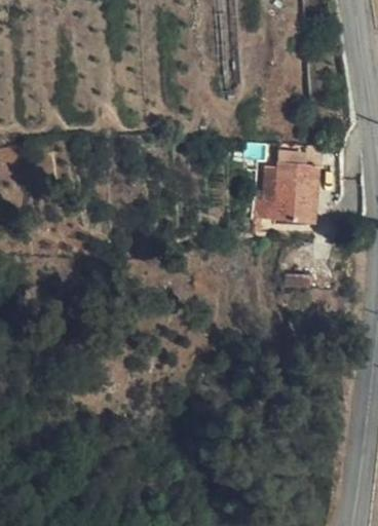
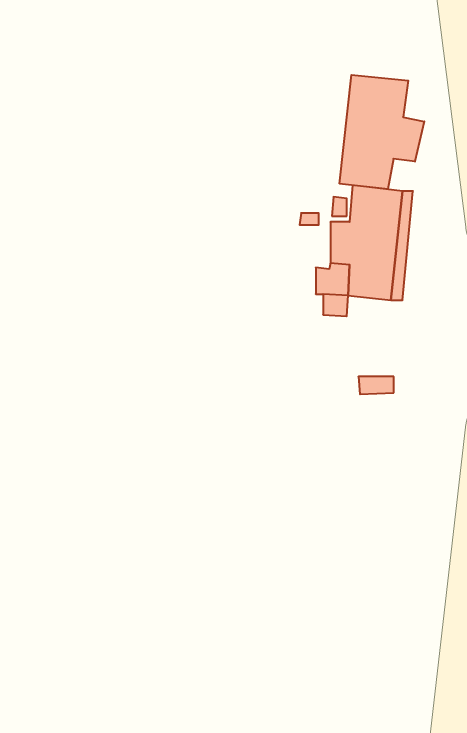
building: none -> [340,75,424,189]

